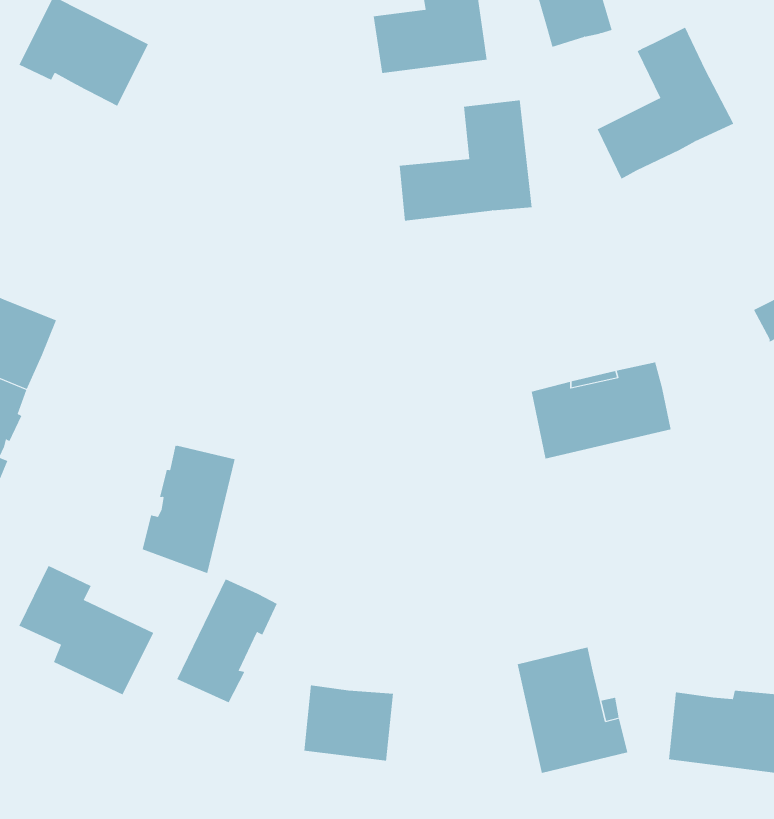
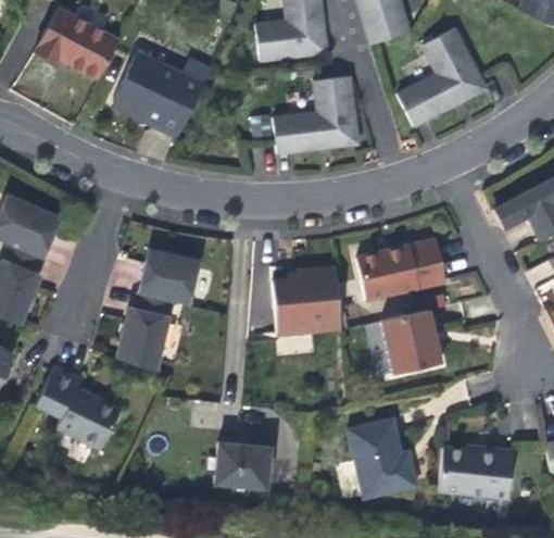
building: none -> [113,52,206,137]
building: none -> [135,248,196,304]
building: none -> [272,270,341,335]
building: none -> [382,309,442,372]
building: [177,578,277,703] -> none

